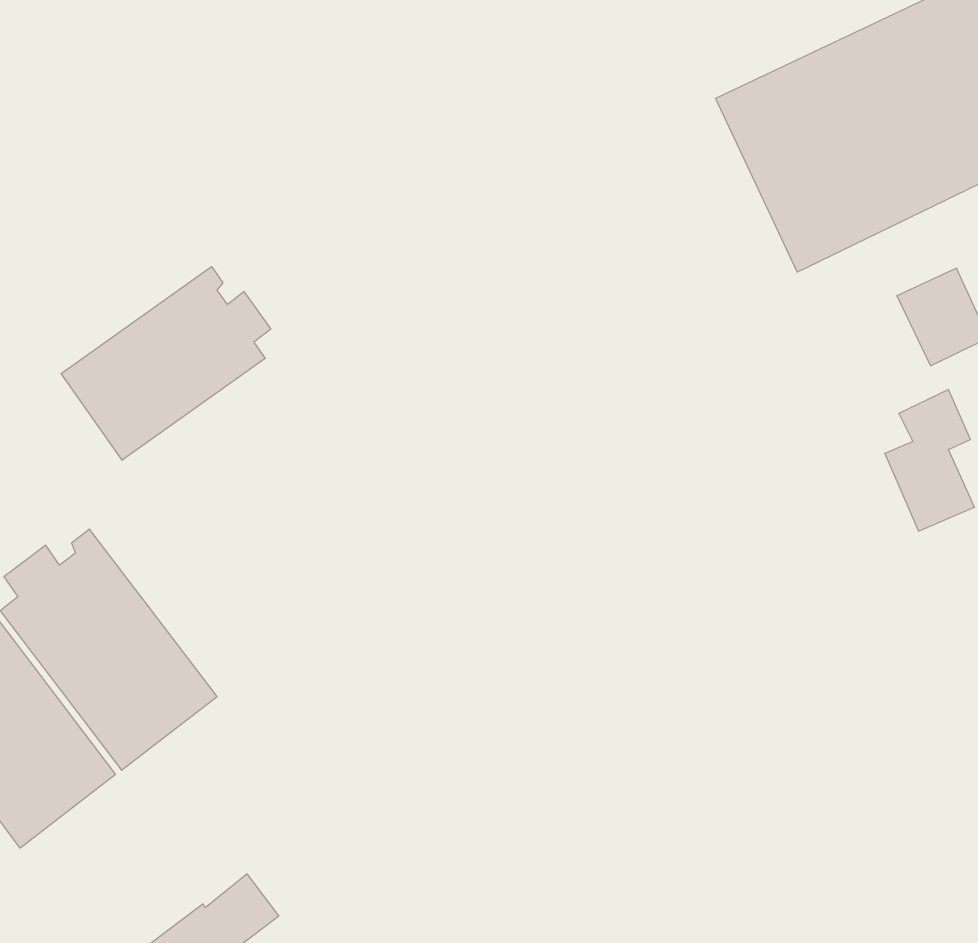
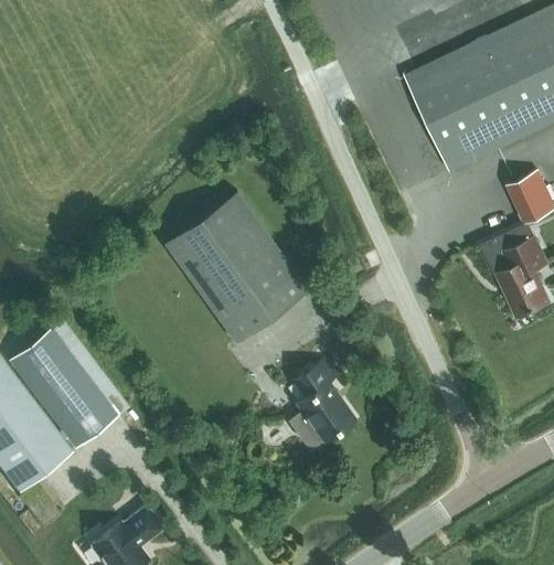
building: [61,267,271,460] -> none
building: none -> [164,192,307,342]
building: none -> [287,361,354,445]

